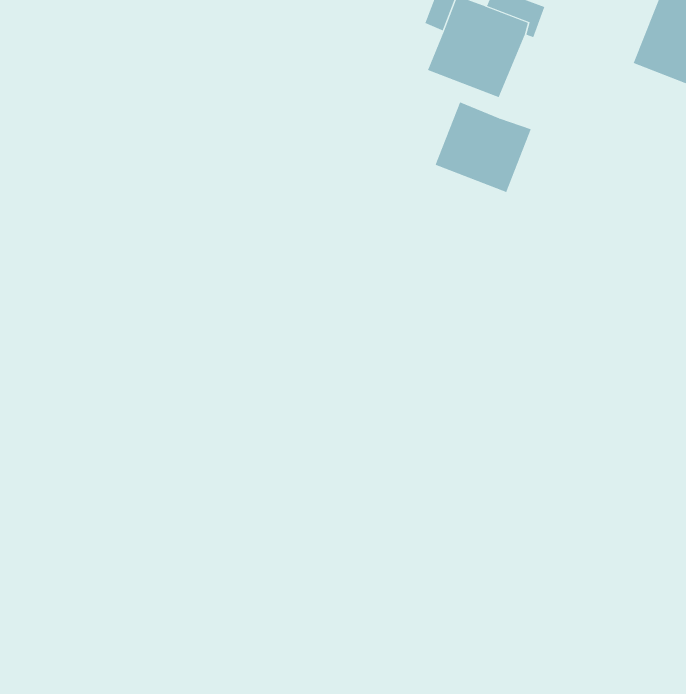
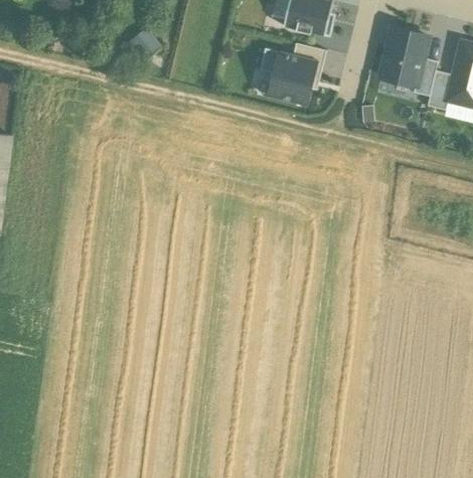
building: [435,101,531,193] -> none

